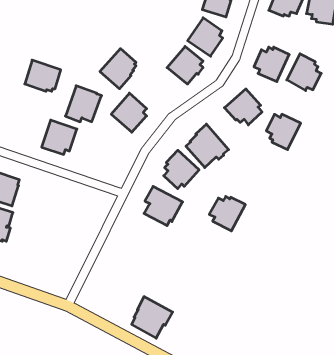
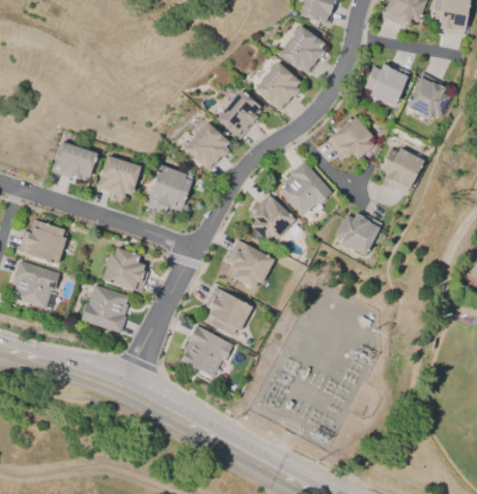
building: [100,49,136,89] -> [216,89,261,140]
building: [25,60,61,91] -> [52,141,97,181]
building: [65,86,102,122] -> [147,165,193,211]
building: none -> [103,247,149,293]
building: [209,196,245,231] -> [336,213,382,256]
building: none -> [81,284,130,333]
building: none -> [203,287,252,337]
building: [132,297,173,338] -> [181,325,233,378]

